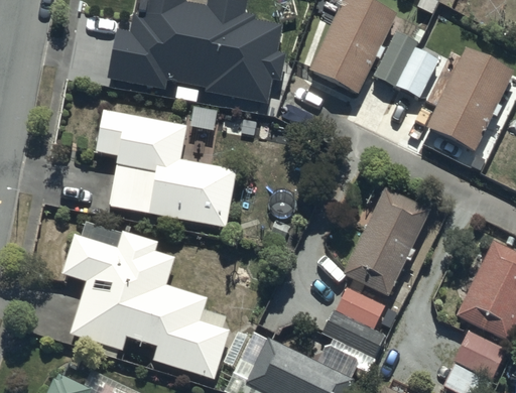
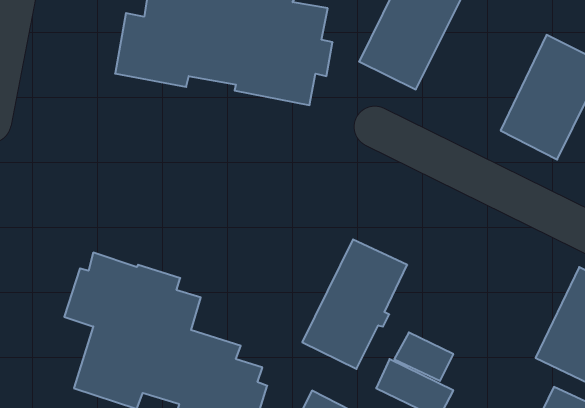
building: [373,27,437,94] -> none
building: [96,107,238,227] -> none
building: [344,193,431,301] -> [302,239,407,369]

